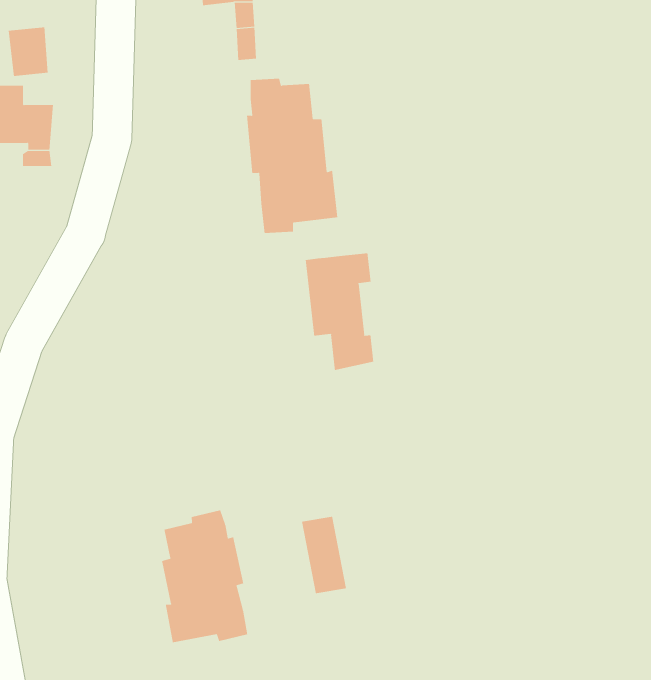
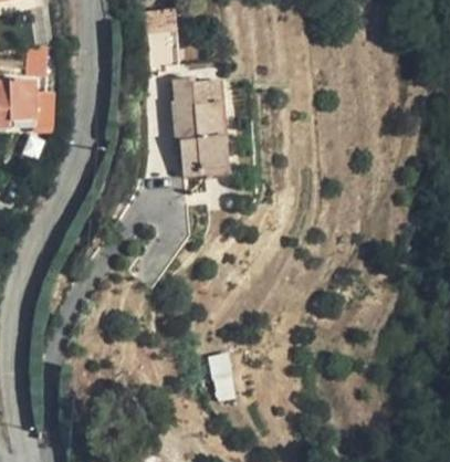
building: [305,252,374,371] -> none
building: [161,509,248,643] -> none

